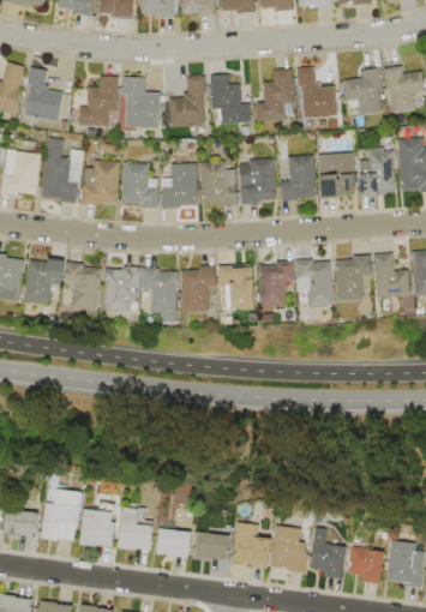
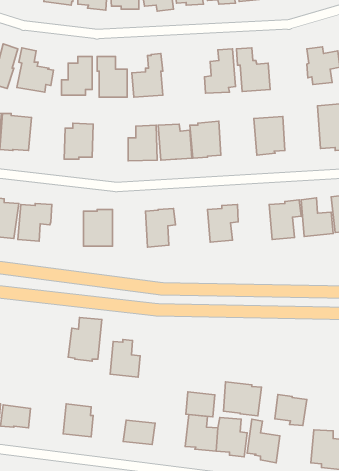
building: [343,67,380,114] -> none
building: [209,73,251,125] -> none
building: [41,138,77,203] -> none
building: [359,146,395,199] -> none
building: [281,155,316,202] -> none
building: [121,161,158,208] -> none
building: [296,258,337,307] -> none
building: [65,260,101,311] -> none
building: [220,264,258,312] -> none
building: [143,266,179,325] -> none
building: none -> [223,382,261,416]
building: [41,490,83,544] -> [68,318,102,361]
building: [119,505,156,552] -> [110,339,140,377]
building: [194,532,230,563] -> [186,392,215,417]
building: [347,546,386,584] -> [275,395,307,426]

